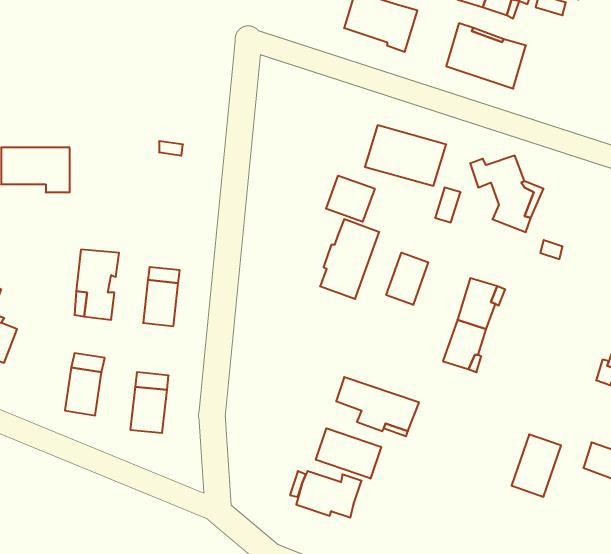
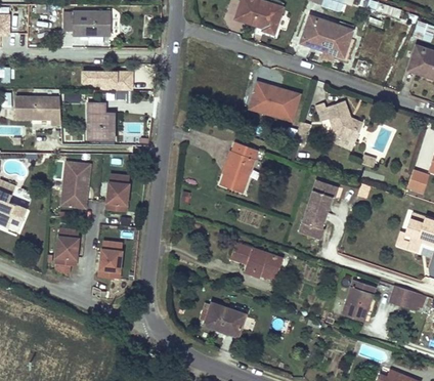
building: none -> [64,11,111,36]
building: none -> [83,71,133,88]
building: none -> [88,102,111,139]
building: [326,176,375,222] -> none
building: [386,253,428,305] -> none
building: [316,428,381,479] -> none

